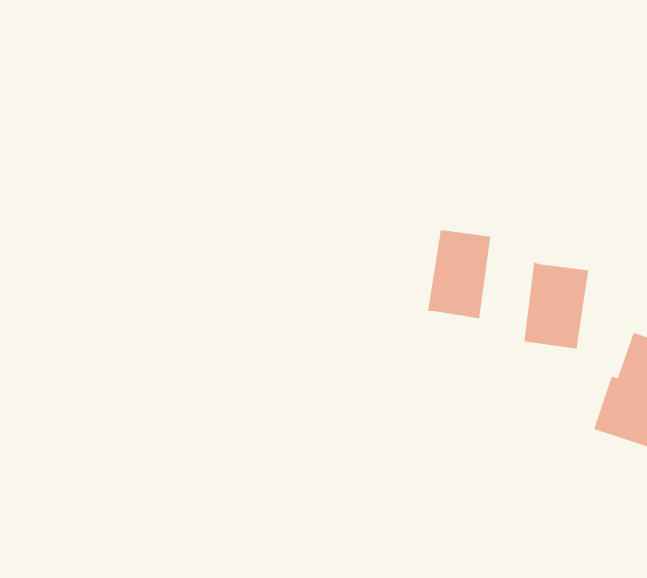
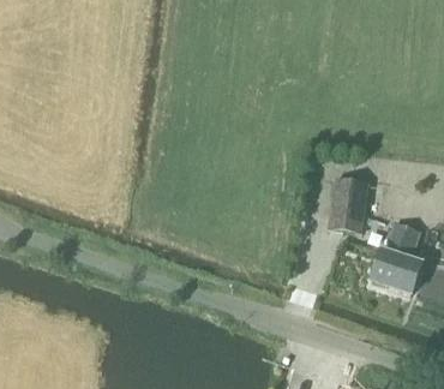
building: [427,229,491,319] -> none

